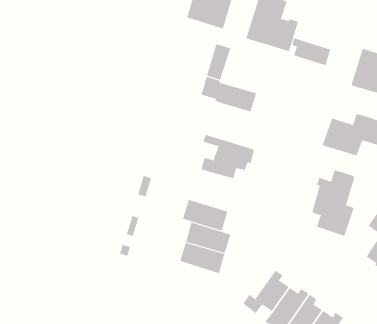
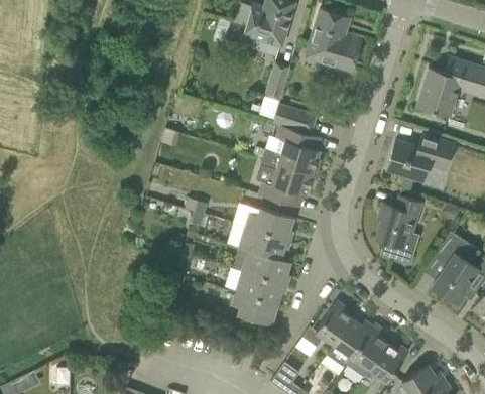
building: [292,37,331,66] -> none
building: none -> [263,126,321,174]
building: none -> [245,209,294,240]
building: none -> [231,292,278,326]

